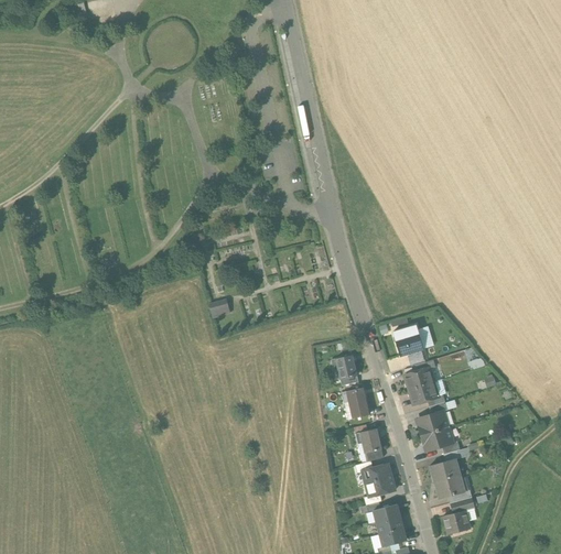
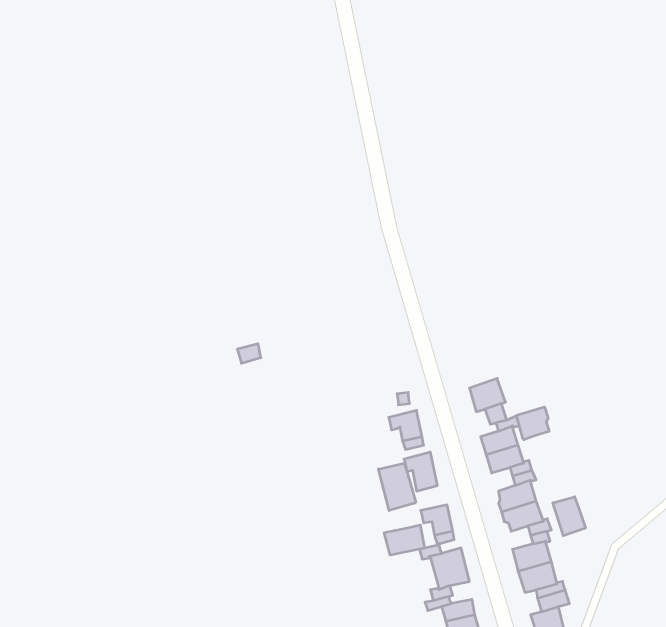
building: none -> [517,407,549,440]
building: none -> [378,463,416,511]
building: none -> [553,497,586,536]
building: none -> [384,525,425,555]

